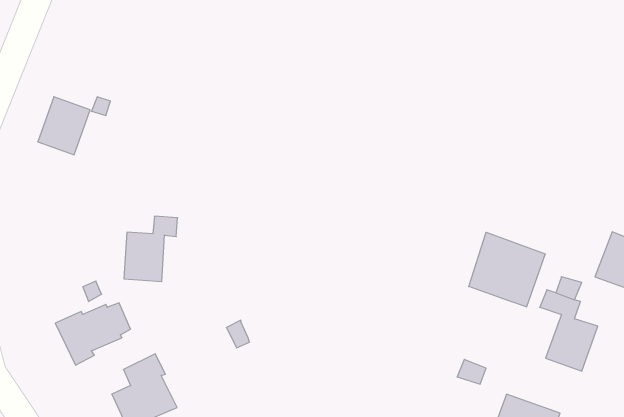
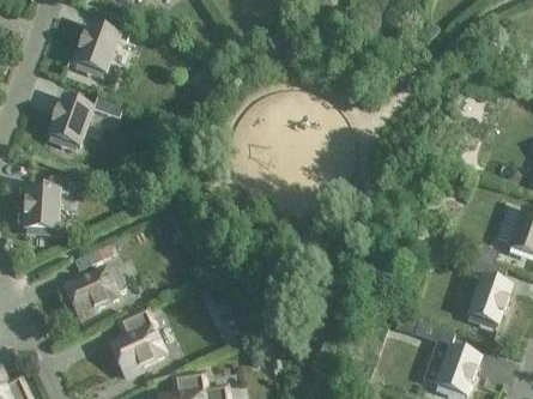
building: none -> [74,23,129,72]
building: [124,216,178,282] -> [24,175,68,229]
building: [469,232,545,307] -> none

